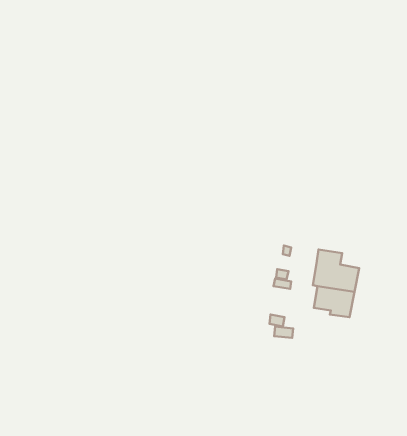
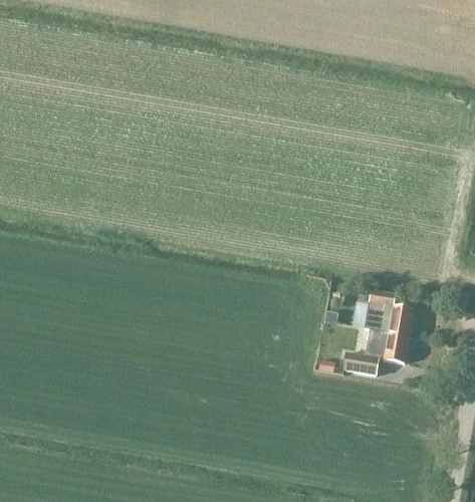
building: none -> [343,352,380,374]

